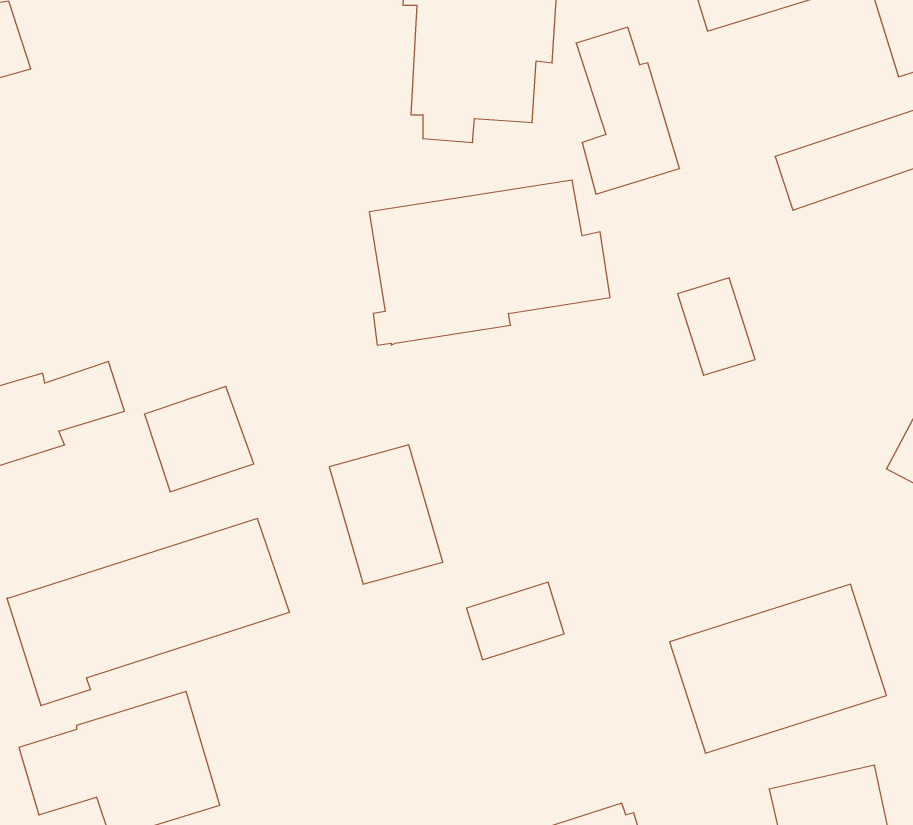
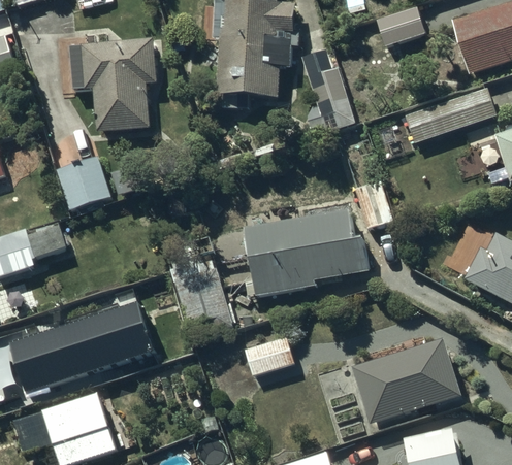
building: none -> [82,40,155,131]
building: [369,180,610,345] -> [243,210,367,296]
building: [144,386,254,492] -> [56,155,113,209]

